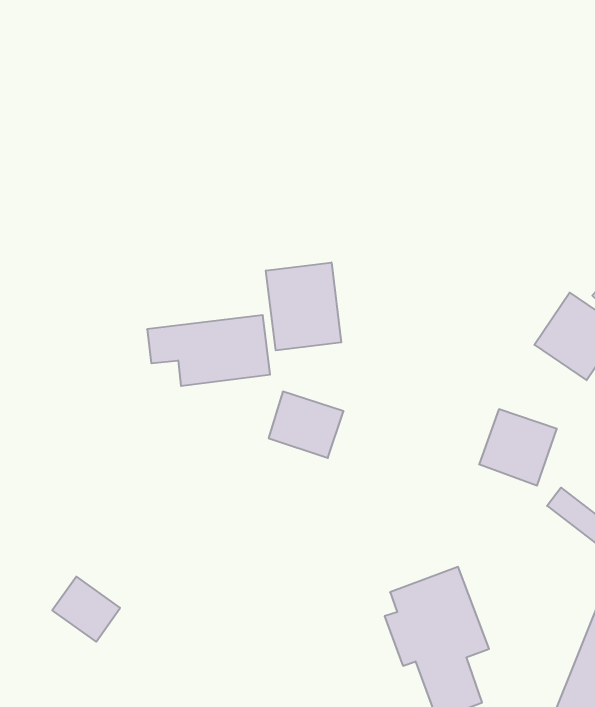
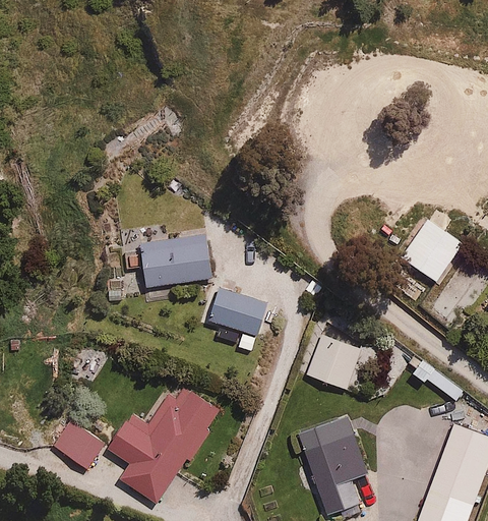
building: [266,262,341,350] -> none
building: [479,409,557,486] -> [304,336,360,391]
building: none -> [108,385,217,502]

